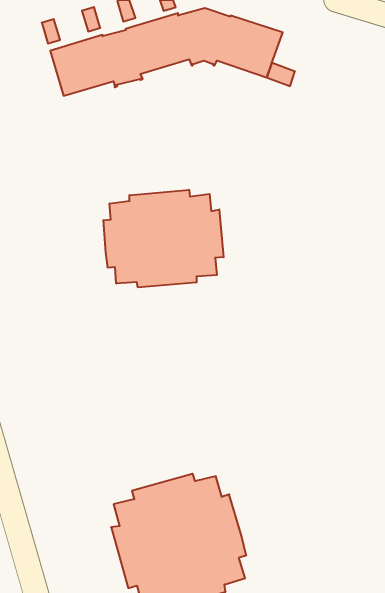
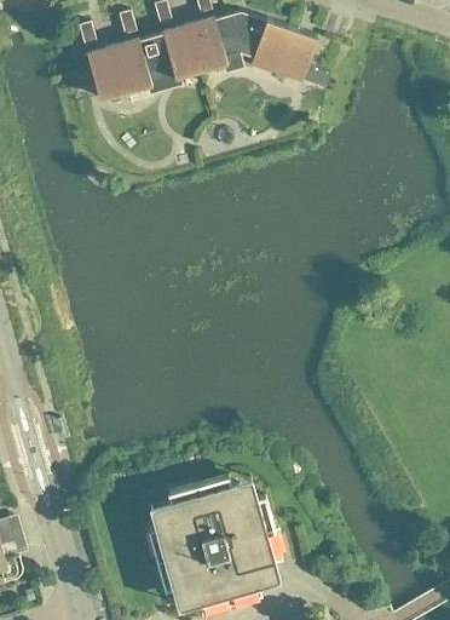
building: [104,190,224,287] -> none

